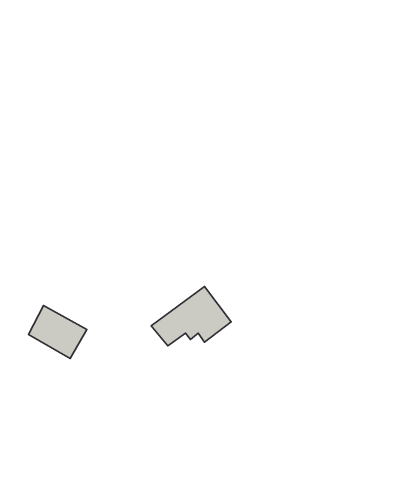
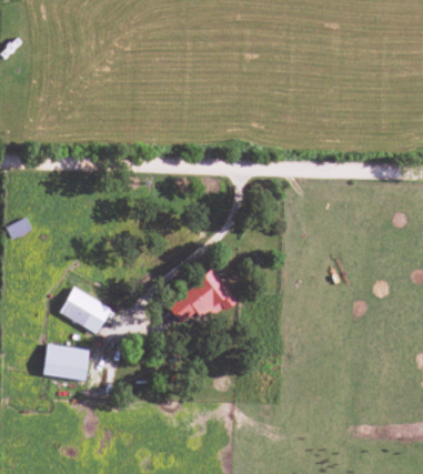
building: none -> [42,344,90,381]

